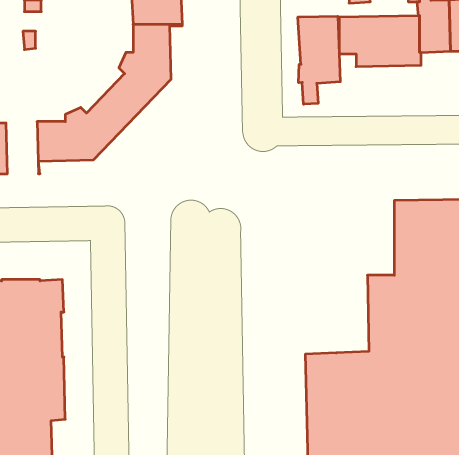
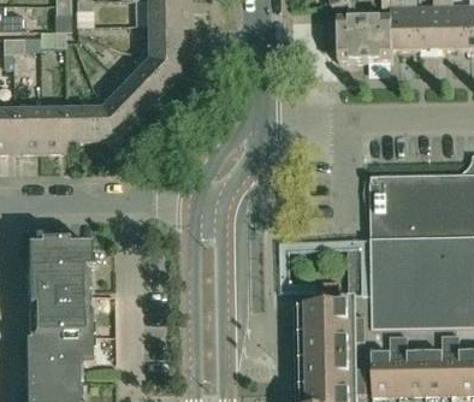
building: [298,16,340,104] -> none
building: none -> [41,108,69,153]

